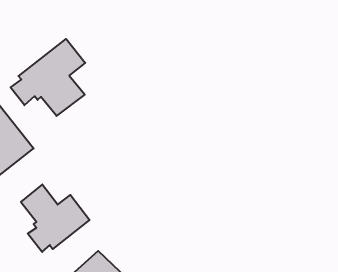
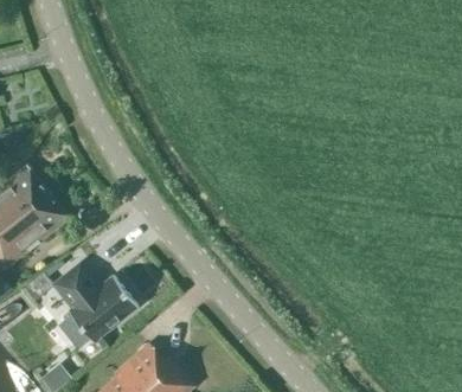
building: [11,39,85,116] -> none

